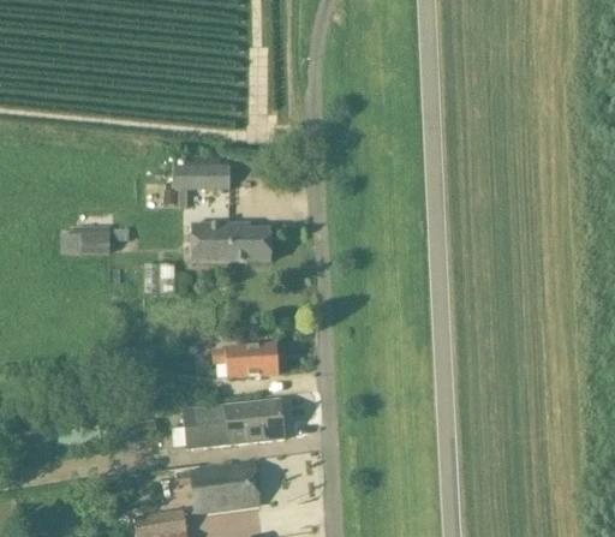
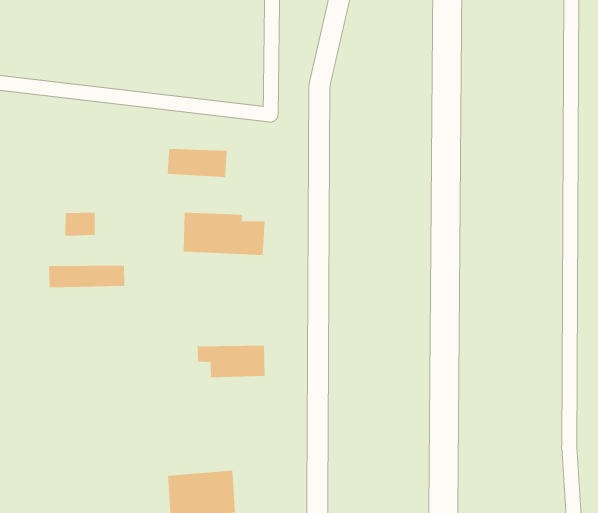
building: none -> [49,265,125,288]
building: [181,398,286,448] -> none

